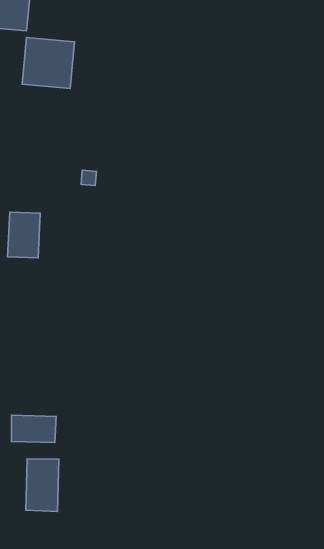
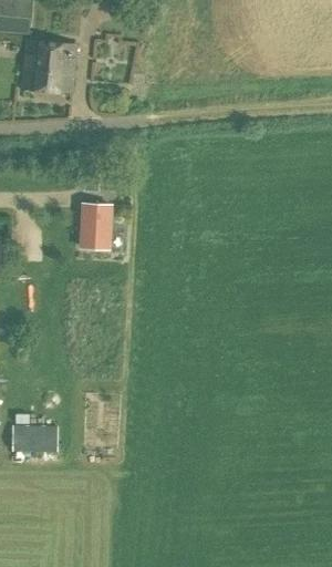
building: [7,212,40,258] -> [79,203,112,249]
building: [26,459,59,512] -> none

